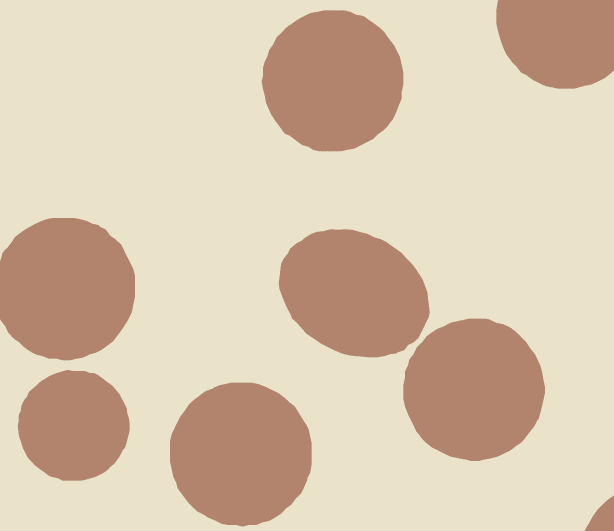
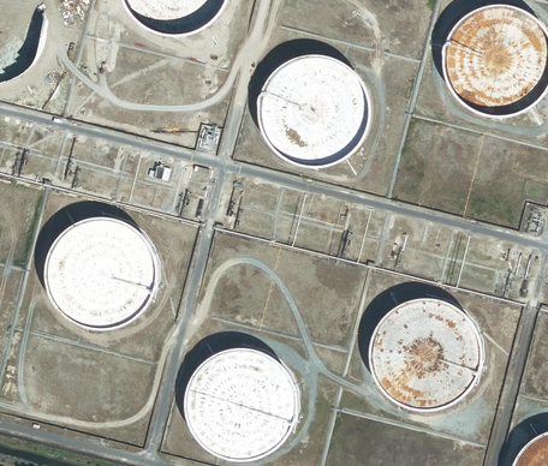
building: [278,228,430,358] -> none
building: [17,369,130,482] -> none

